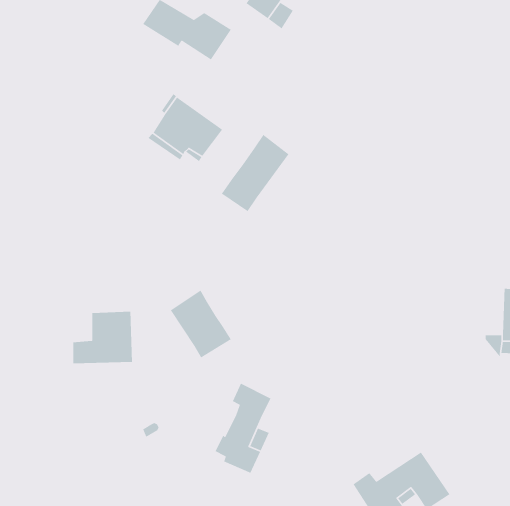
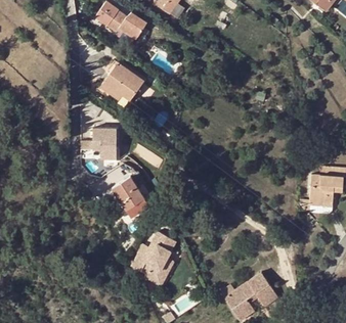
building: [221,134,290,212] -> none
building: [73,311,133,364] -> [80,126,116,157]

